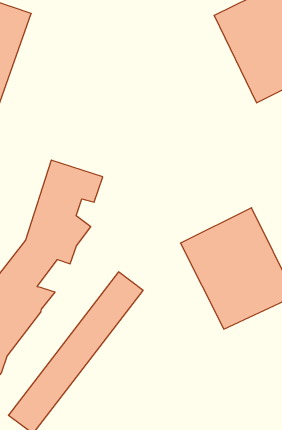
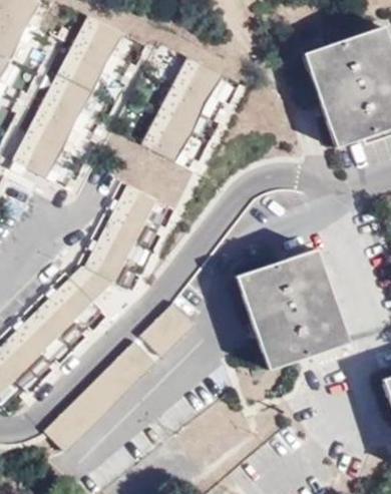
building: none -> [141,49,223,156]

